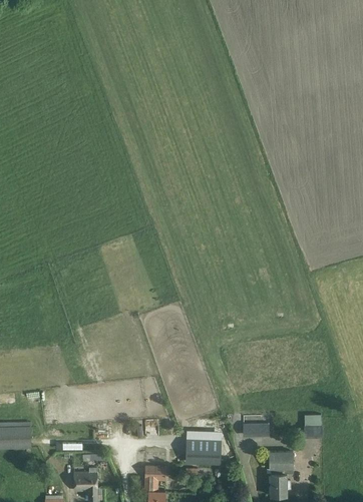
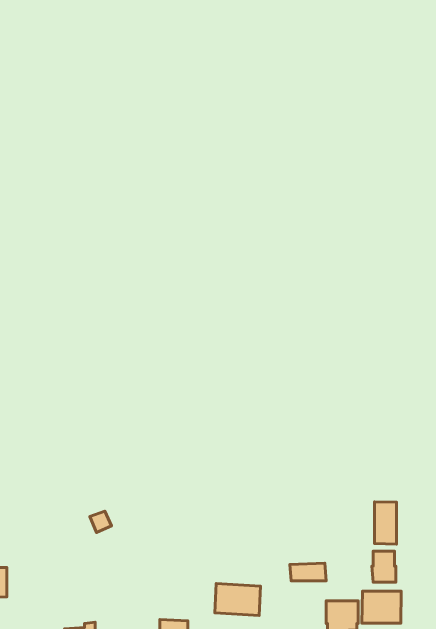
building: none -> [374,502,397,544]
building: none -> [362,591,401,623]

